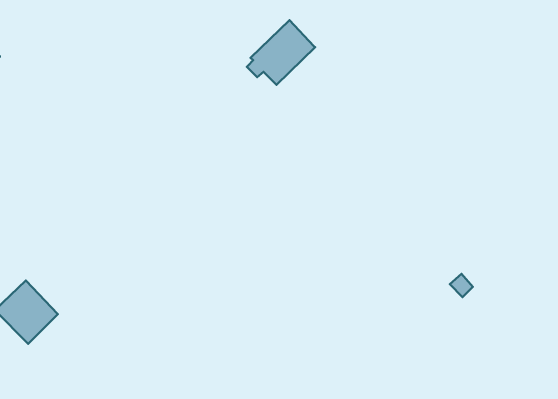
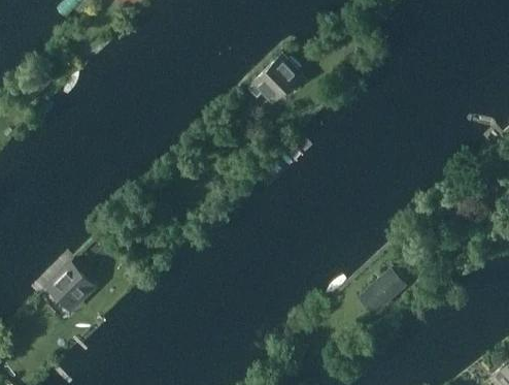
building: none -> [357,268,402,312]

